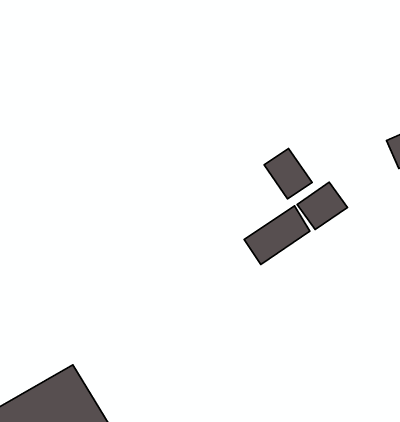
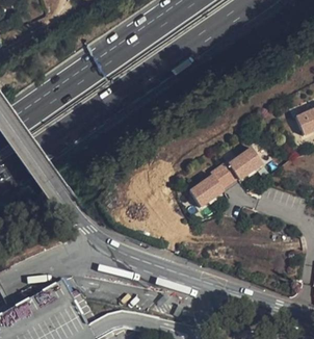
building: [264,149,312,199] -> none

